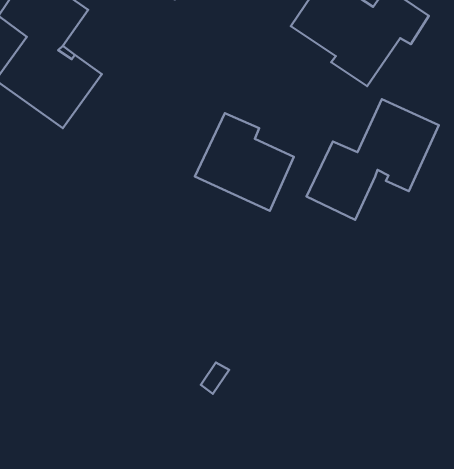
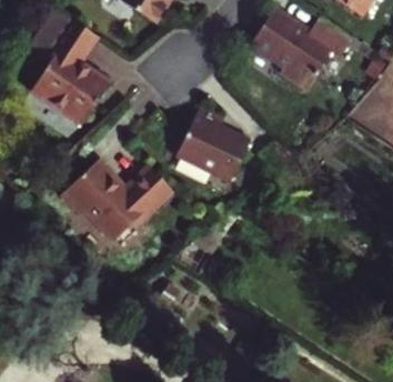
building: [307,99,439,220] -> none
building: none -> [59,158,172,240]

